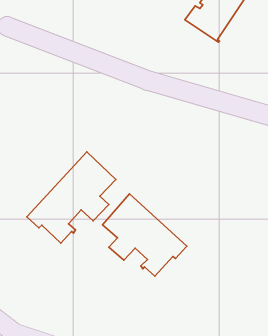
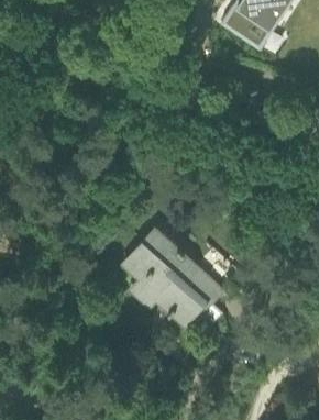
building: [27,152,116,243] -> none

